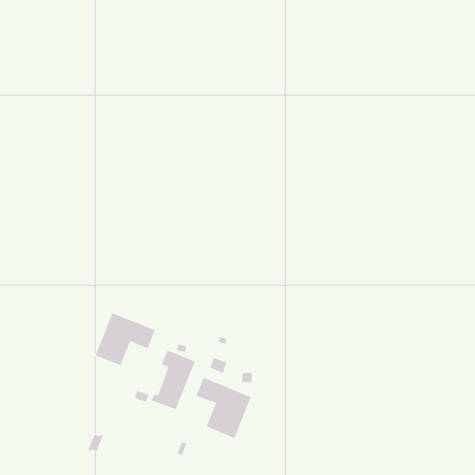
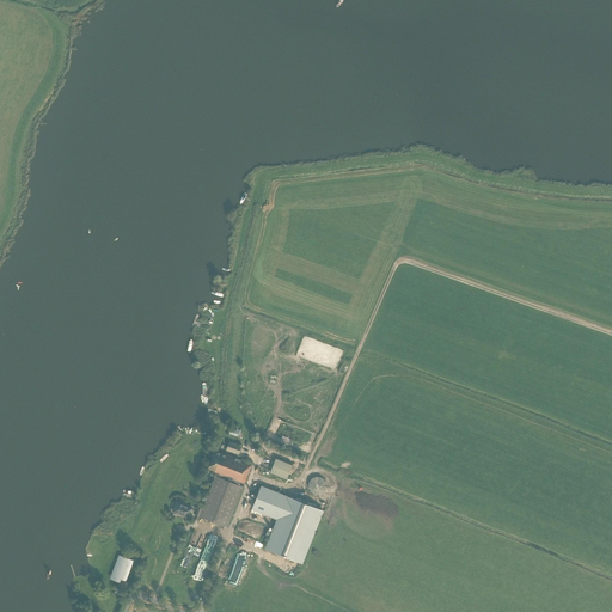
building: [95,312,156,366] -> none

